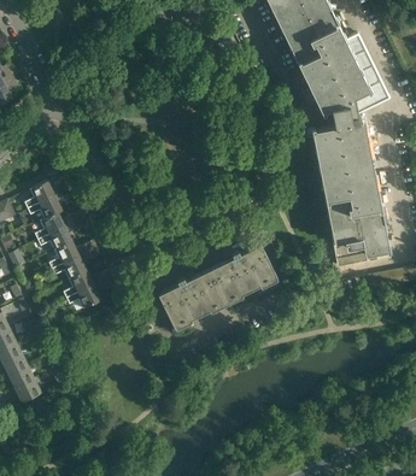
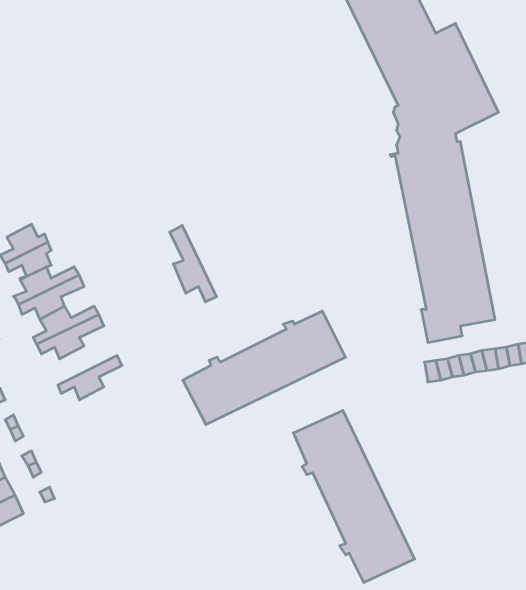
building: none -> [170,225,217,302]
building: [63,269,110,298] -> none
building: none -> [293,410,415,583]

